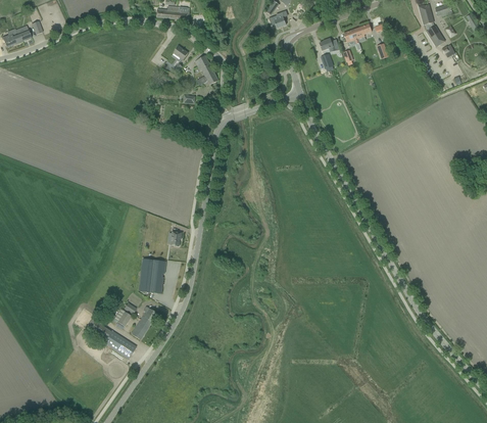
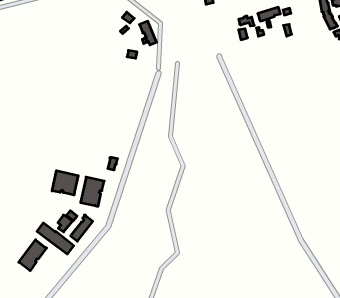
building: none -> [52,171,78,195]
building: none -> [19,240,47,271]

